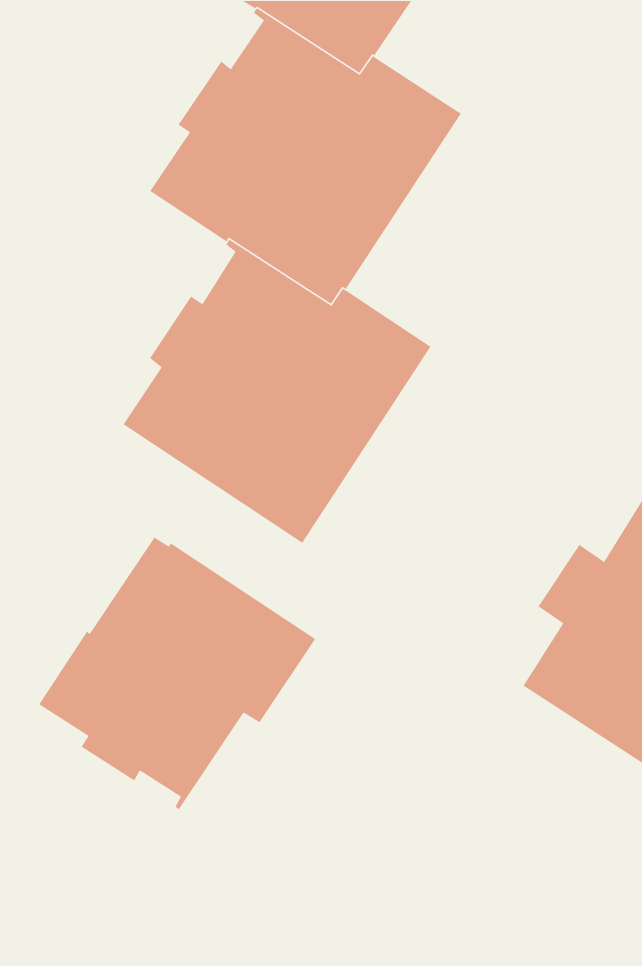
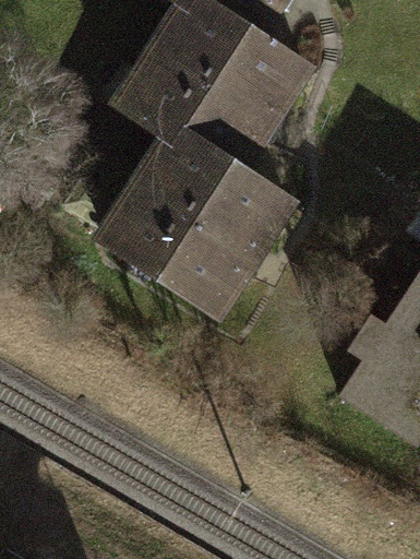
building: [38,536,316,810] -> none

